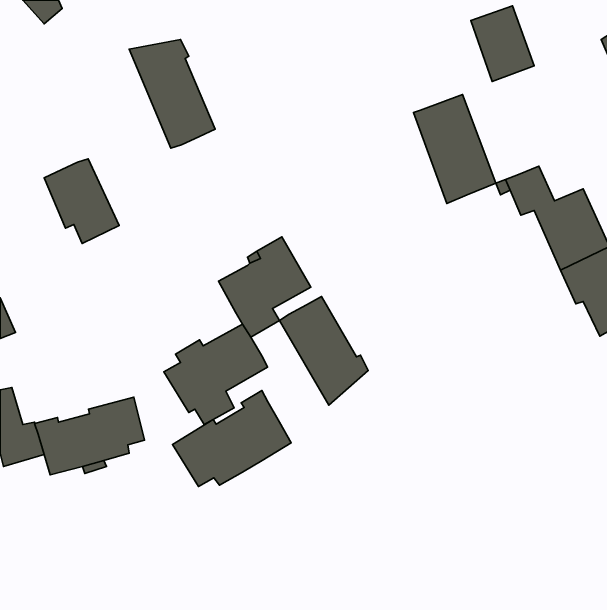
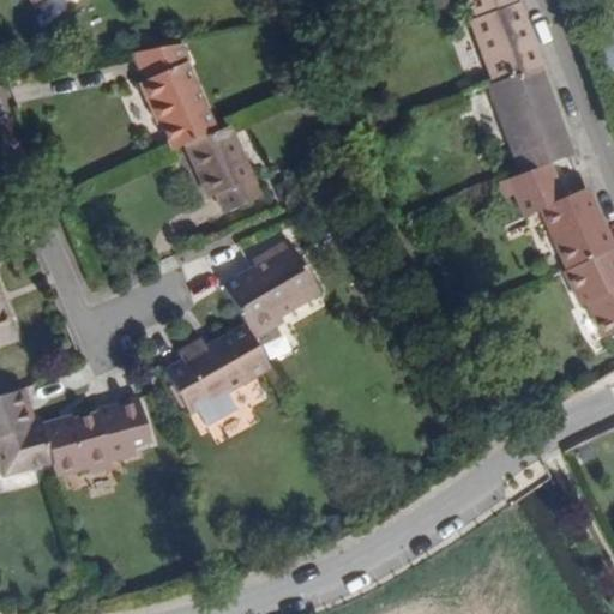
building: [413,94,496,203] -> [490,67,573,176]
building: [44,159,119,244] -> [186,127,261,212]
building: [280,296,368,405] -> none
building: [172,390,291,487] -> none

